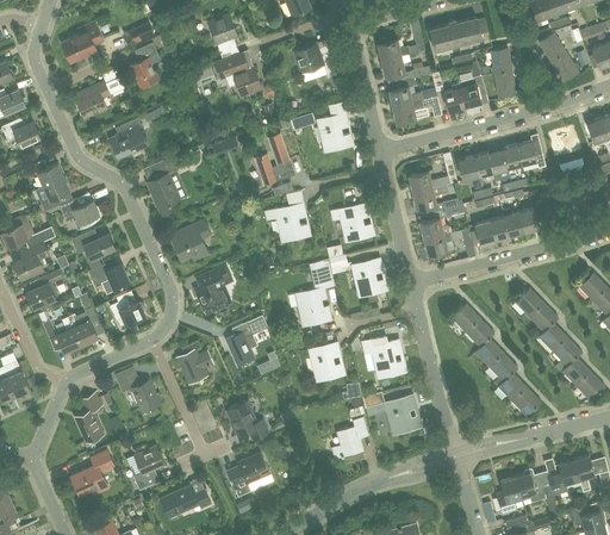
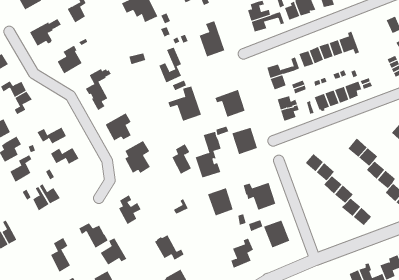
building: [60,198,102,229] -> none
building: [110,299,145,323] -> none
building: [226,321,254,365] -> [172,143,192,175]
building: none -> [100,238,127,266]

